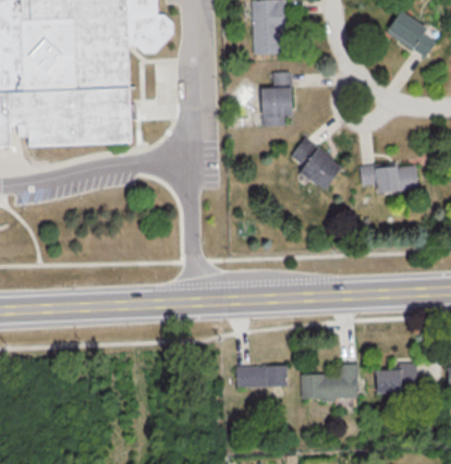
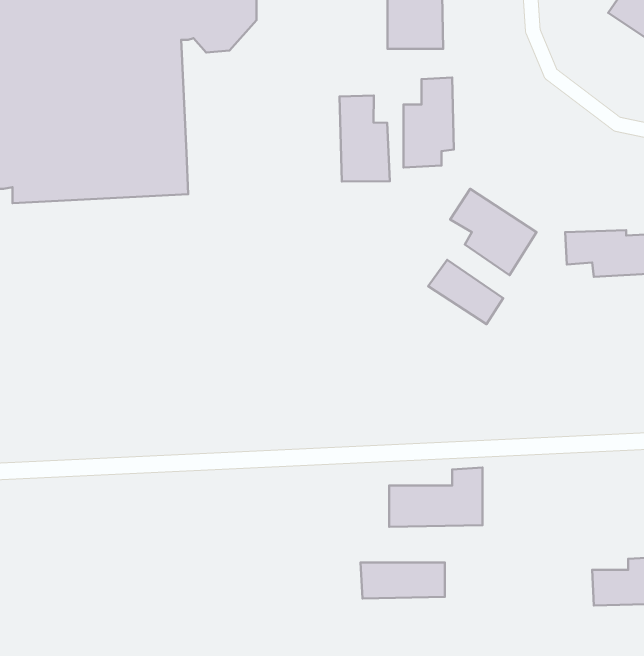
building: none -> [340,96,390,182]
building: none -> [428,260,503,324]
building: [301,363,357,399] -> [389,468,483,527]

